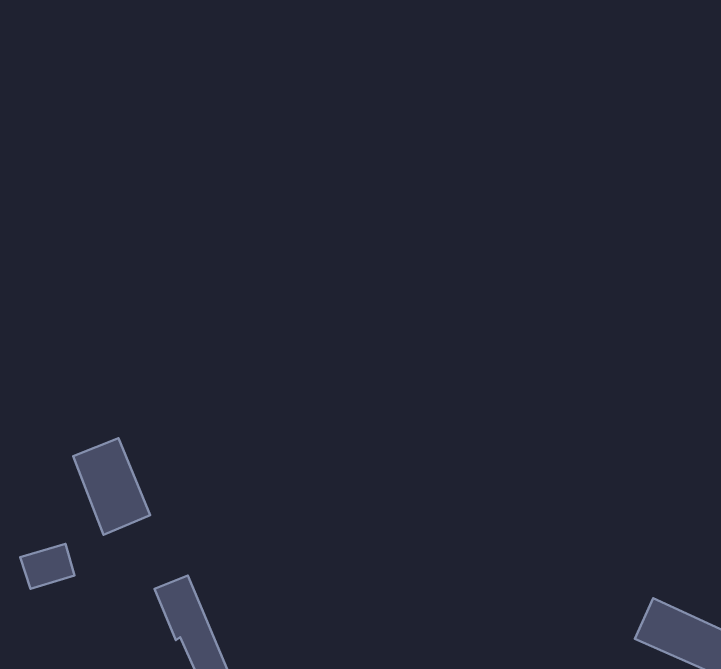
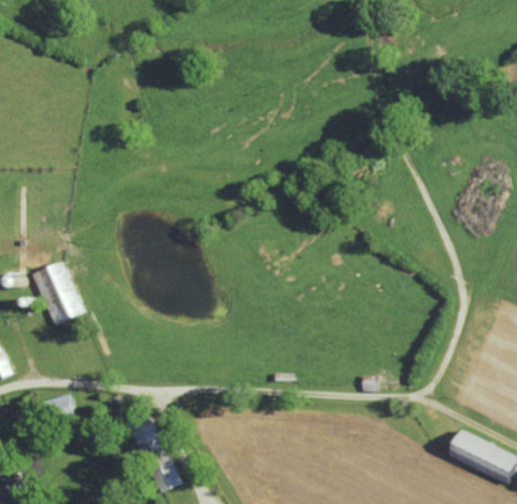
building: [73,438,150,535] -> [32,261,84,325]

